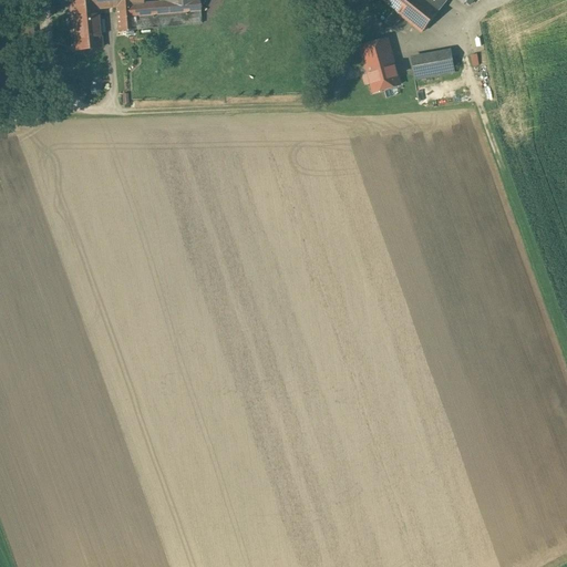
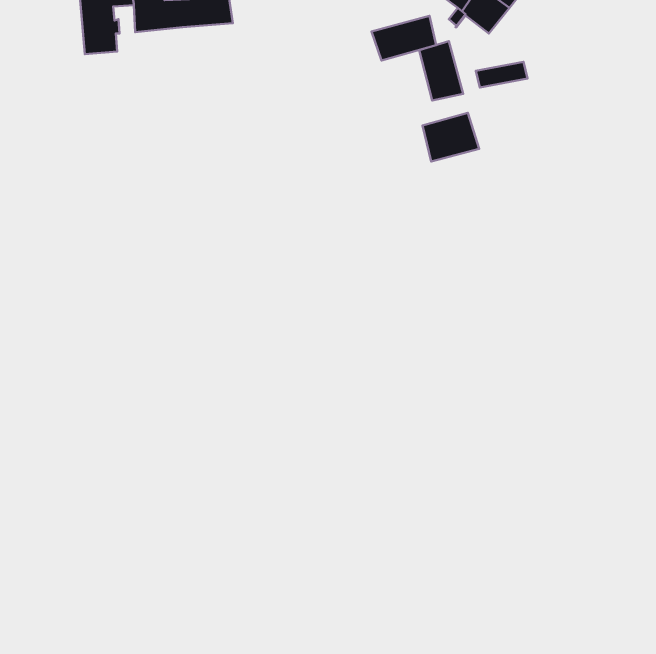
building: none -> [372,16,436,60]
building: none -> [423,113,479,162]

